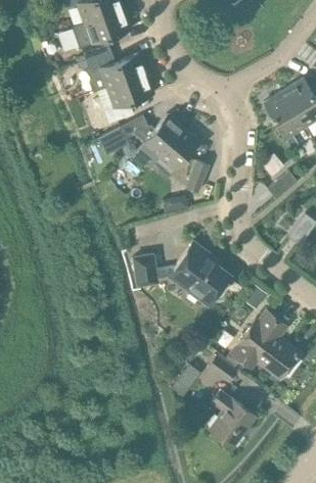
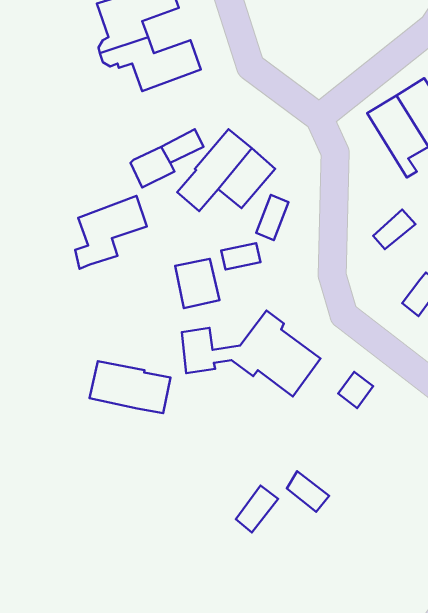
building: [103,74,153,125] -> [75,196,147,269]
building: none -> [175,259,219,308]
building: none -> [90,361,170,413]
building: [231,312,299,378] -> none
building: [208,390,256,447] -> none

